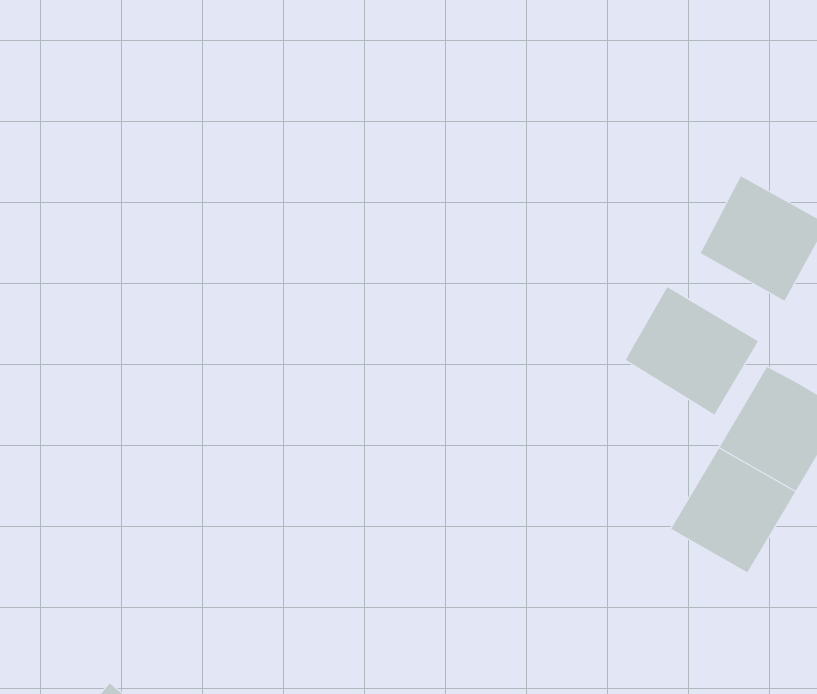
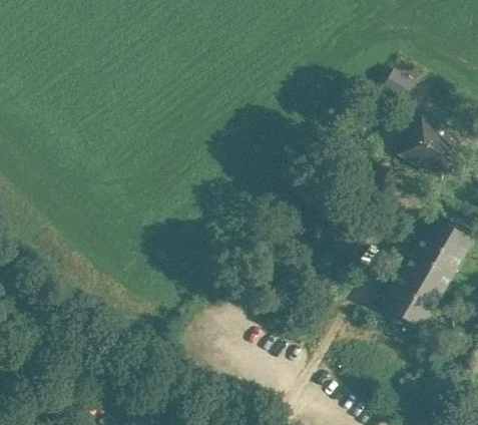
building: none -> [380,65,416,101]
building: [625,286,759,415] -> none

